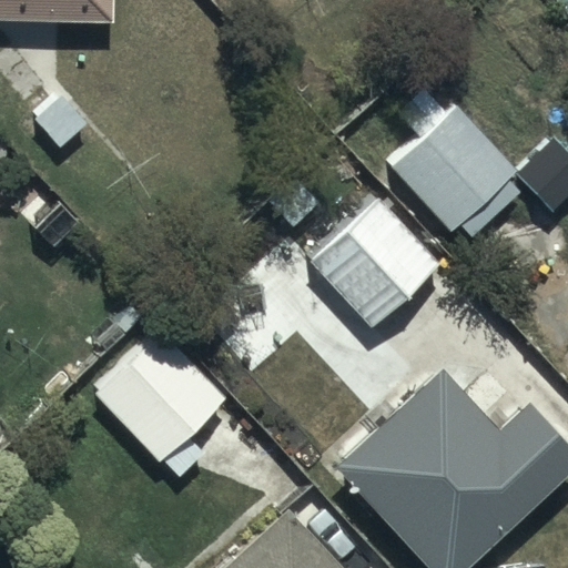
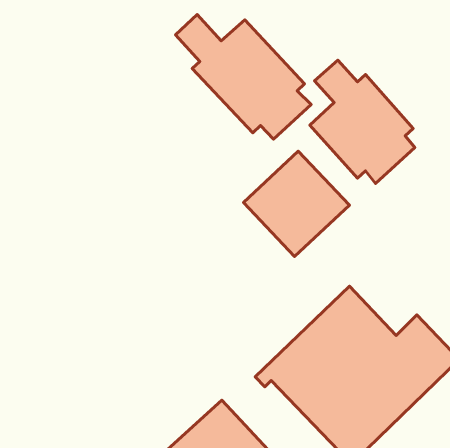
building: none -> [175,14,311,139]
building: [97,333,234,465] -> none

